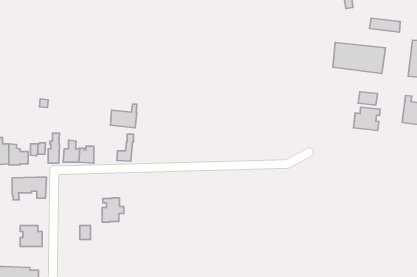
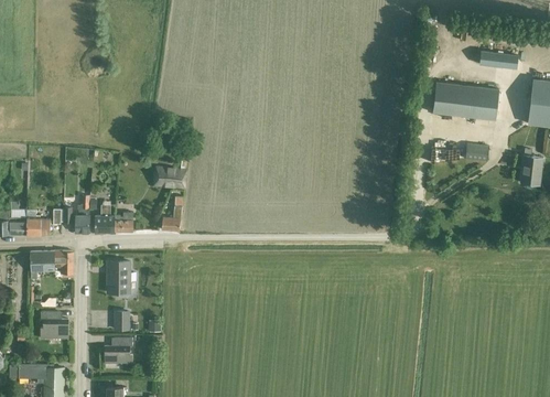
building: [354,107,380,130] -> none
building: [102,198,124,222] -> [107,262,134,293]
building: none -> [104,339,131,364]

